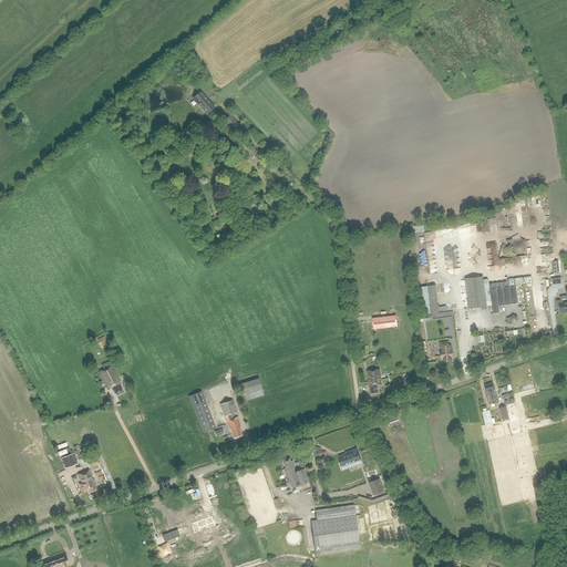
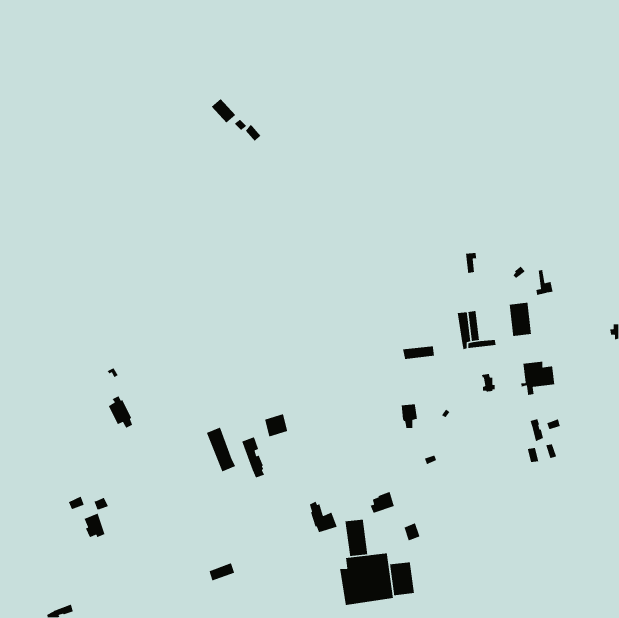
building: [486,280,518,312] -> [520,361,555,396]
building: none -> [345,519,368,557]
building: none -> [389,561,415,596]

